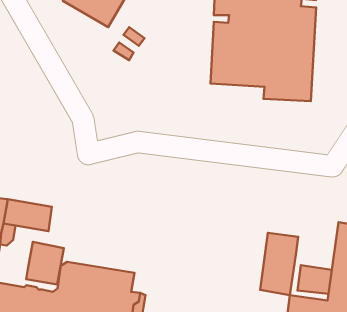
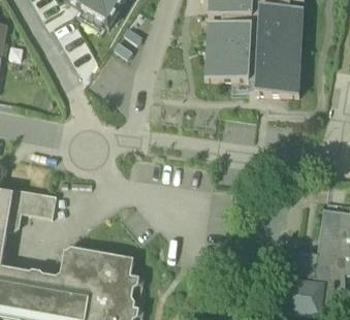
building: [260,233,298,295] -> none
building: [26,242,64,285] -> none

